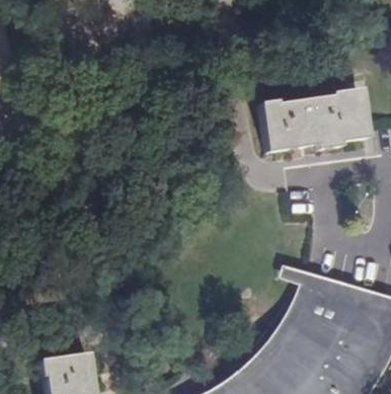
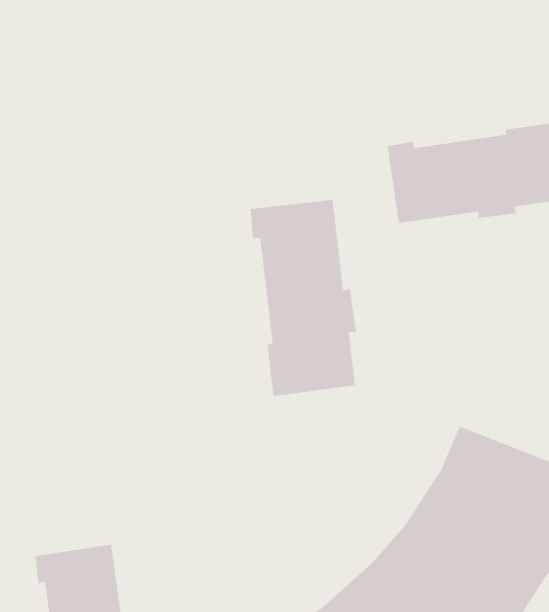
building: none -> [250,199,356,397]

